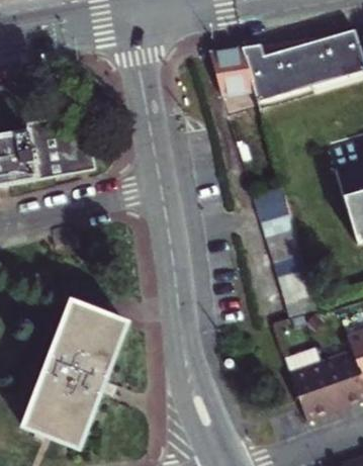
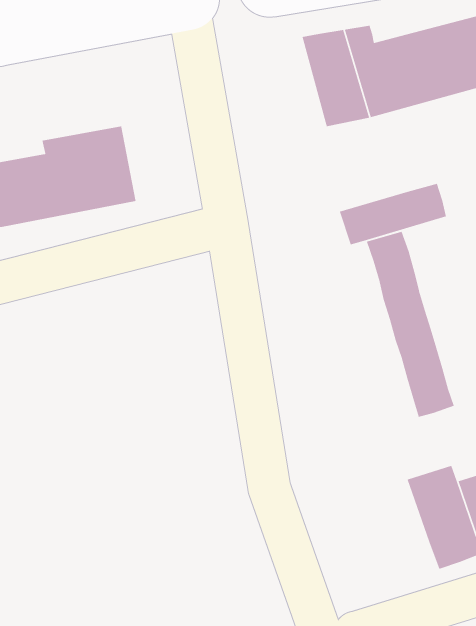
building: none -> [339,183,447,245]
building: [24,297,127,447] -> none

